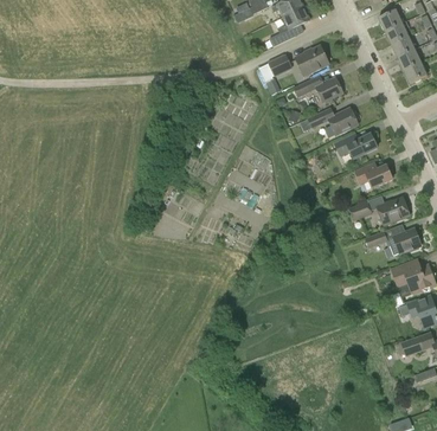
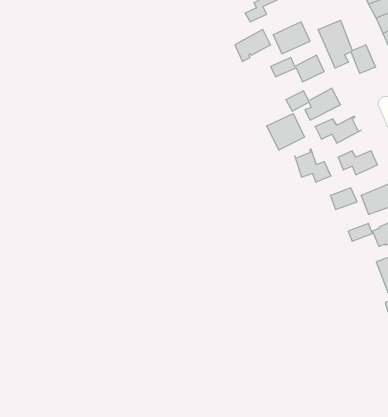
building: none -> [318,20,376,73]
building: none -> [267,114,304,150]
building: none -> [295,149,331,182]

